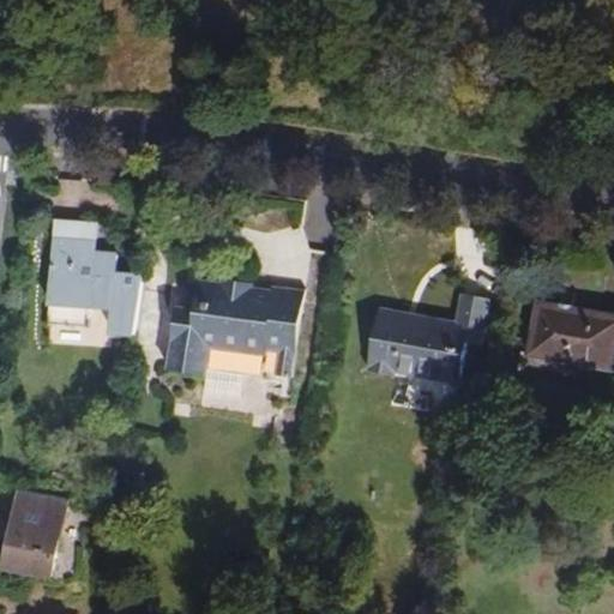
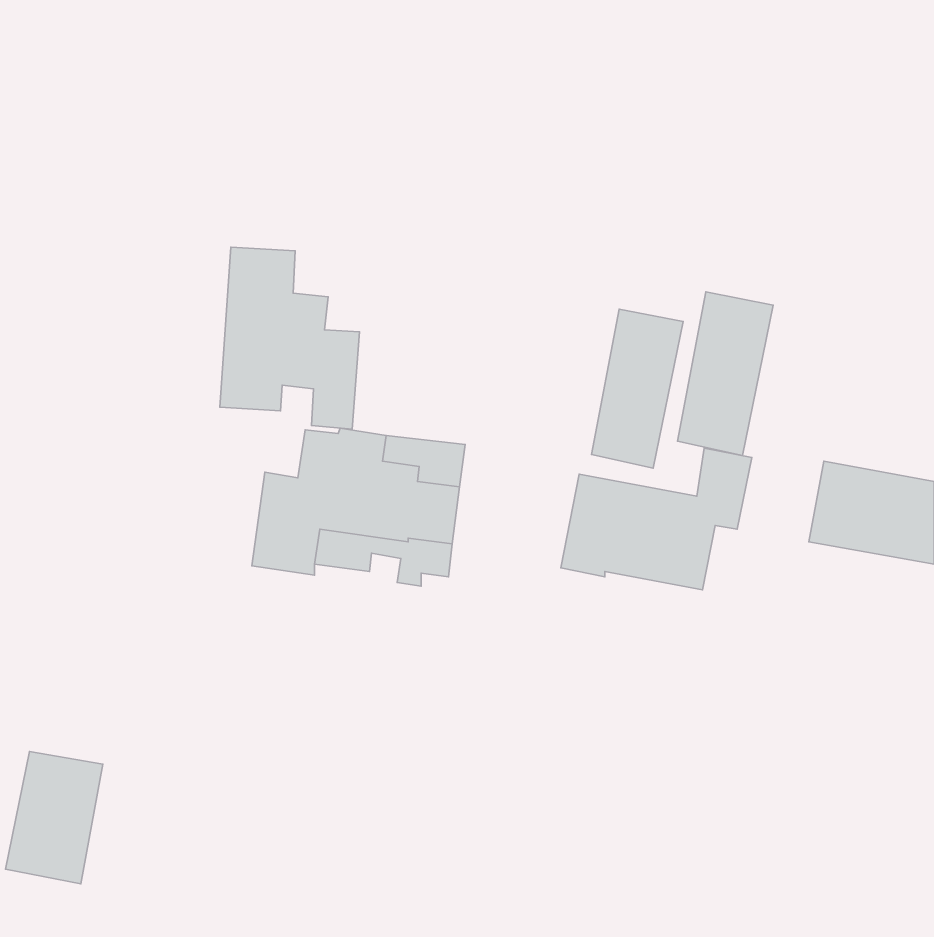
building: none -> [678,292,773,456]
building: none -> [592,309,683,468]
building: [43,219,134,338] -> [220,247,359,429]

